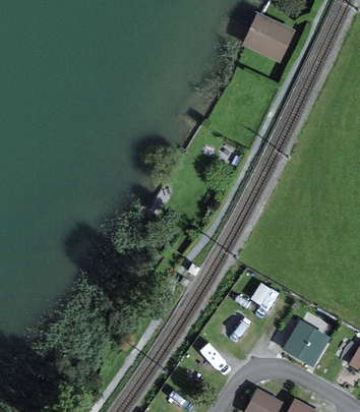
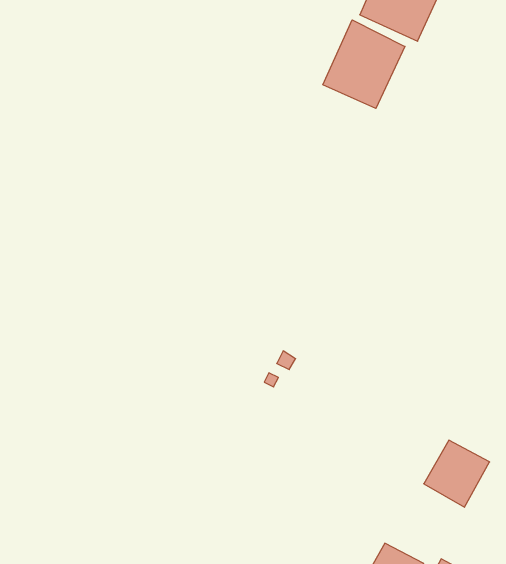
building: none -> [323,20,405,108]

